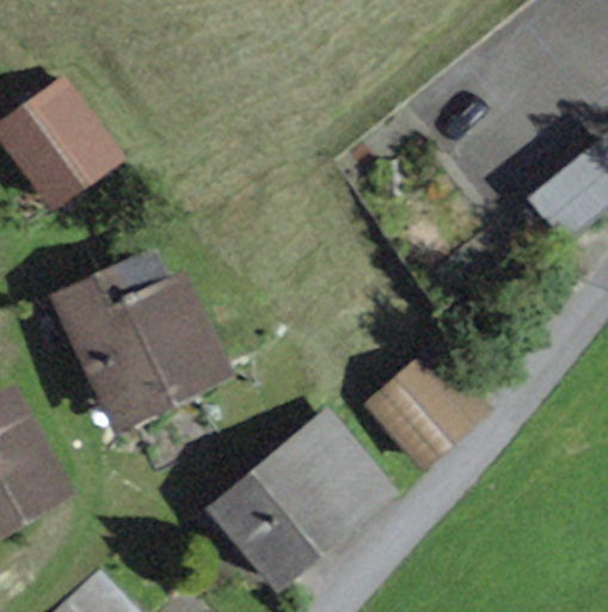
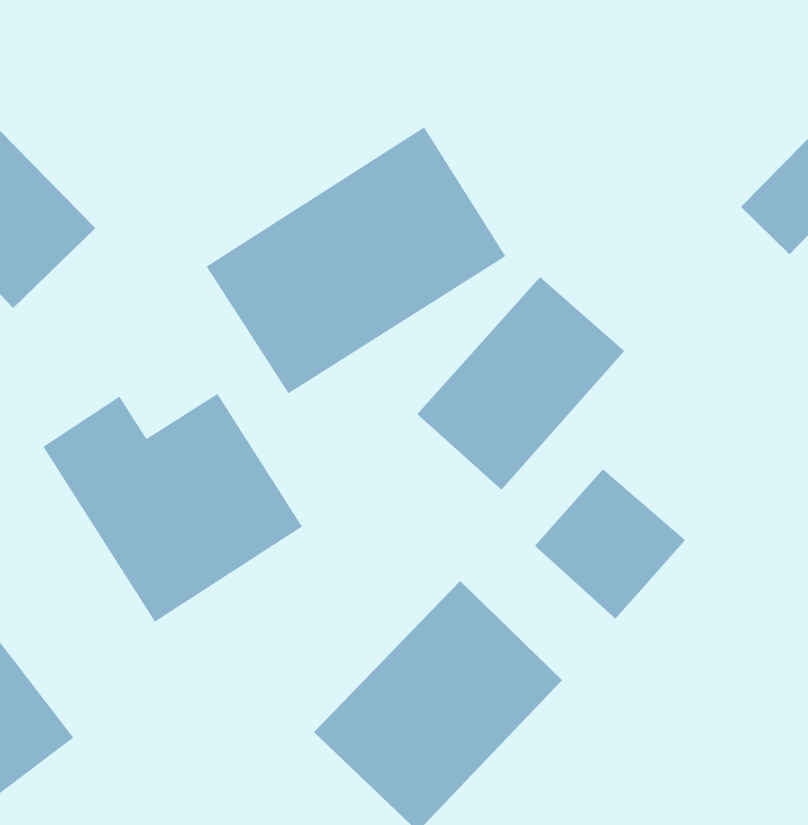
building: none -> [206,127,506,394]
building: none -> [417,276,625,490]

